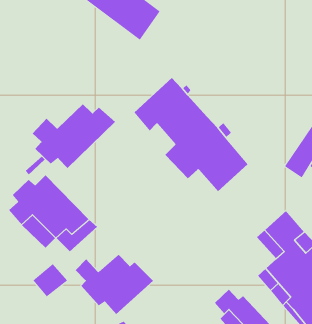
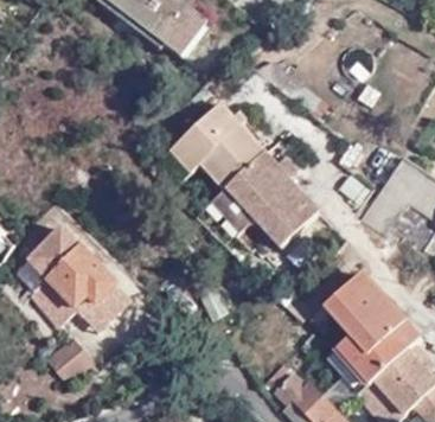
building: [32,104,116,169] -> none
building: [75,254,154,315] -> none

